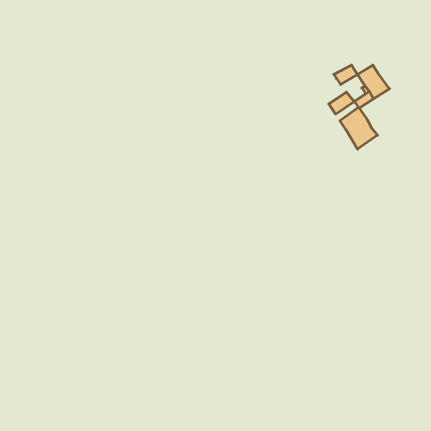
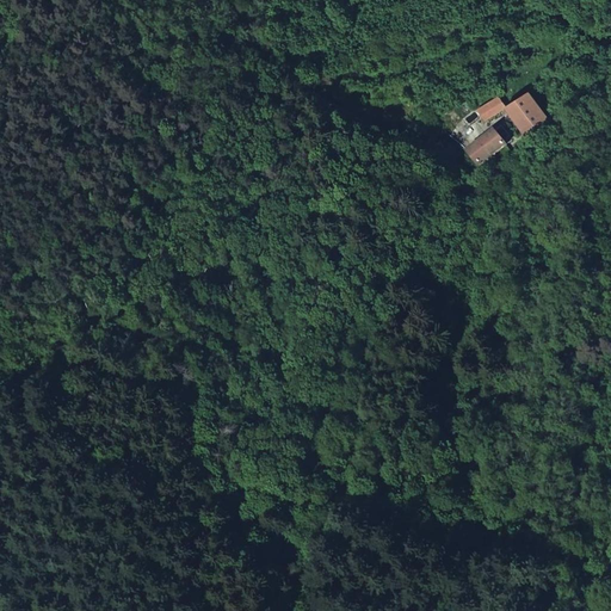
building: [340,107,378,149] -> none

